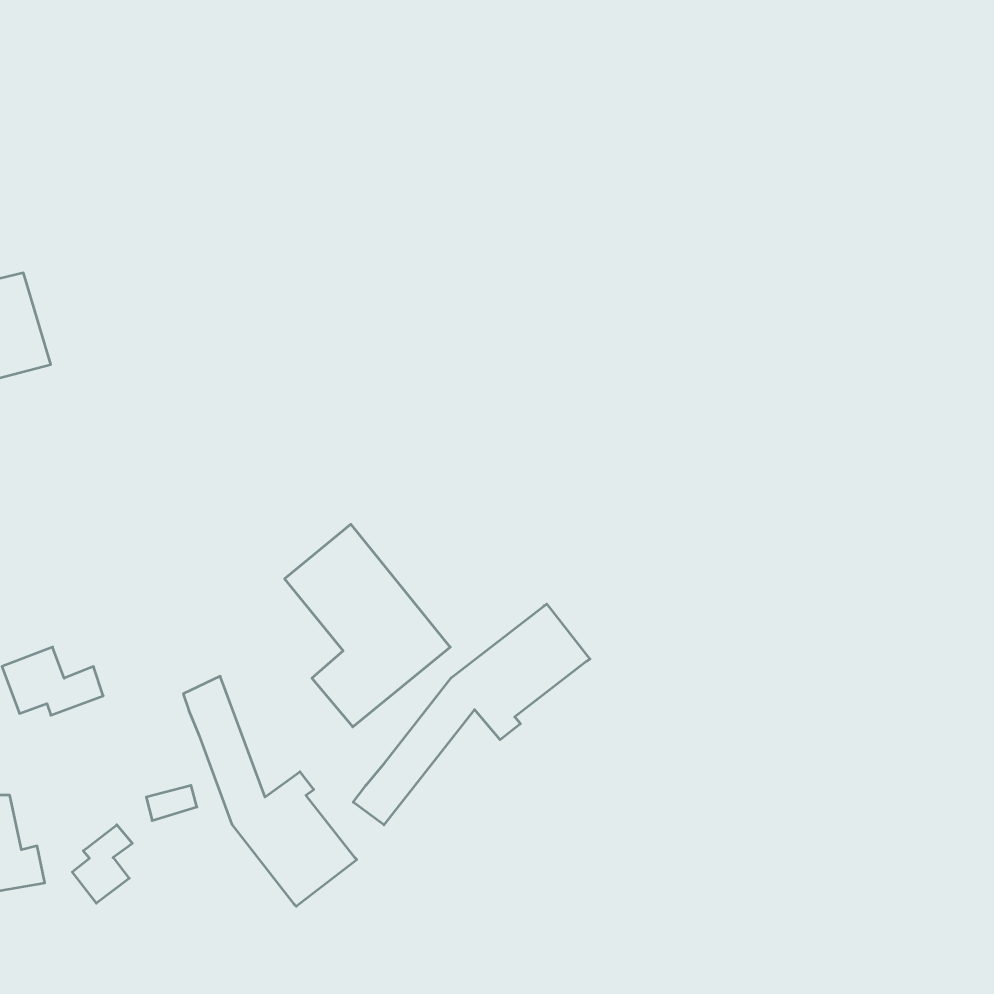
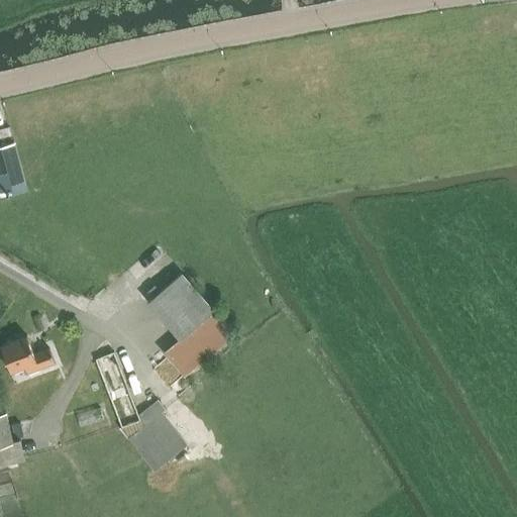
building: [353,604,590,825] -> none
building: [72,825,132,903] -> none

